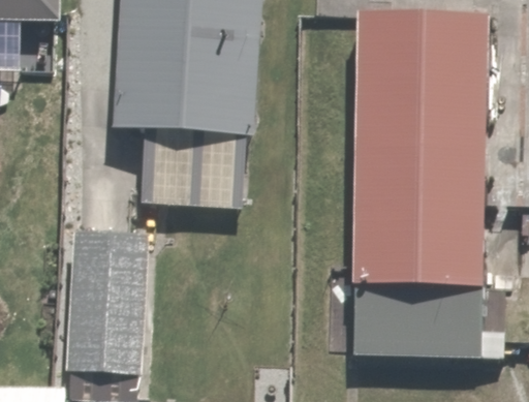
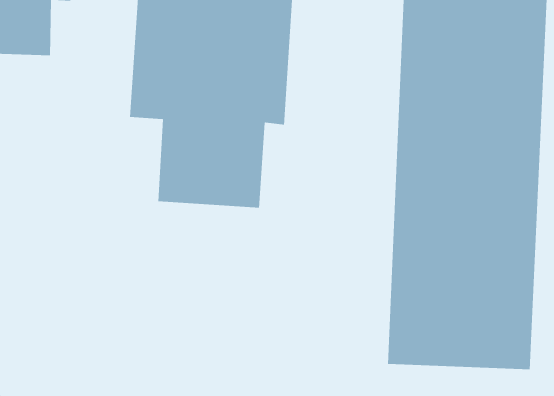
building: [63,229,151,369] -> none

